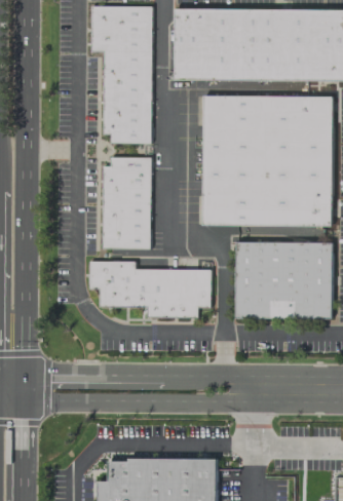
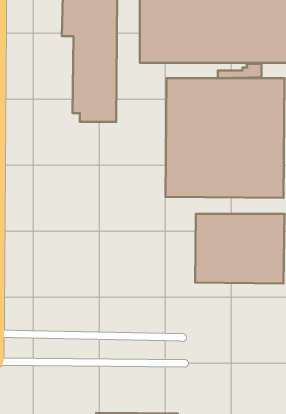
building: [103,157,150,248] -> none
building: [89,262,211,318] -> none

